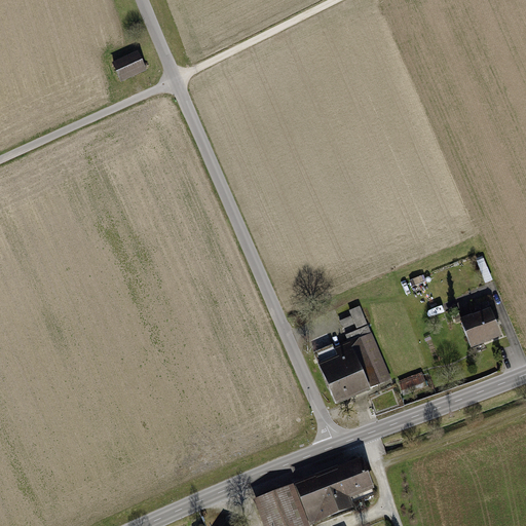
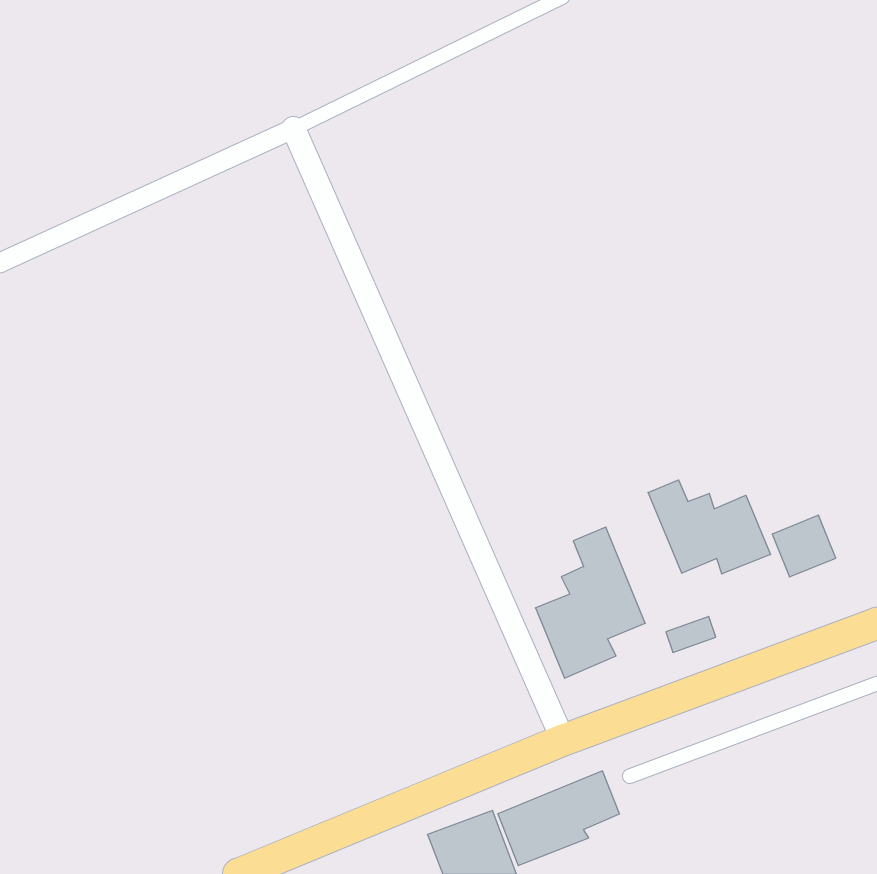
building: [113,50,145,79] -> none
building: none -> [648,480,770,574]

